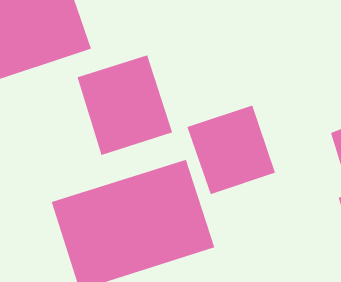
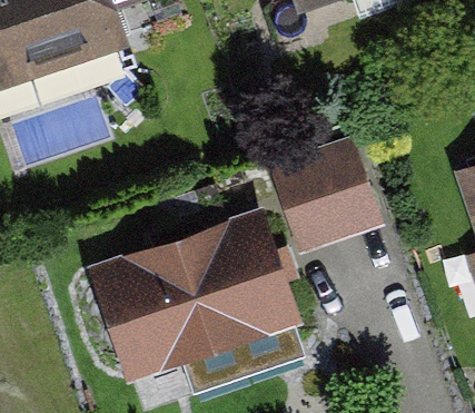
building: [77,54,173,156] -> none

